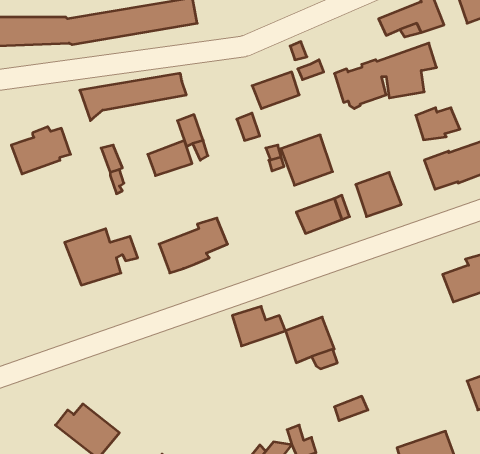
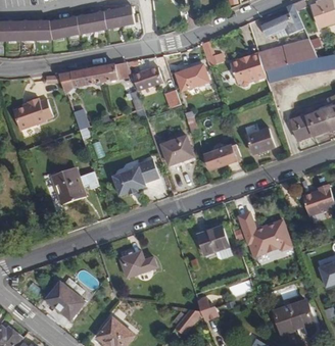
building: [416,108,460,140] -> [293,36,323,57]
building: [281,135,333,185] -> [159,135,194,168]
building: [148,141,192,176] -> [133,65,162,89]
building: [232,306,286,346] -> [121,251,156,278]
building: none -> [248,219,290,253]

